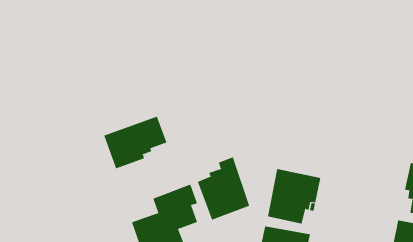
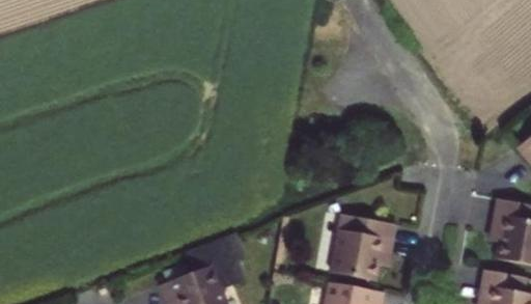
building: [103,116,167,169] -> none
building: [197,157,250,221] -> none

